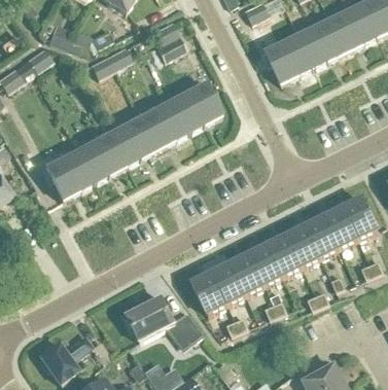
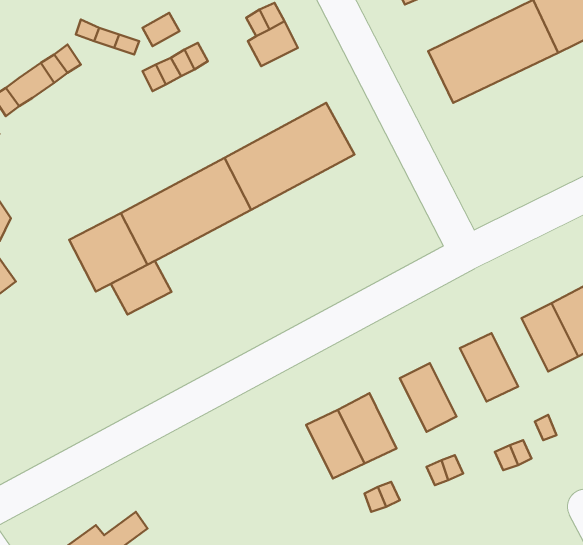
building: none -> [111,261,172,315]
building: [305,216,340,258] -> none
building: [267,235,302,277] -> none
building: [230,253,264,296] -> none
building: [127,297,205,350] -> none

